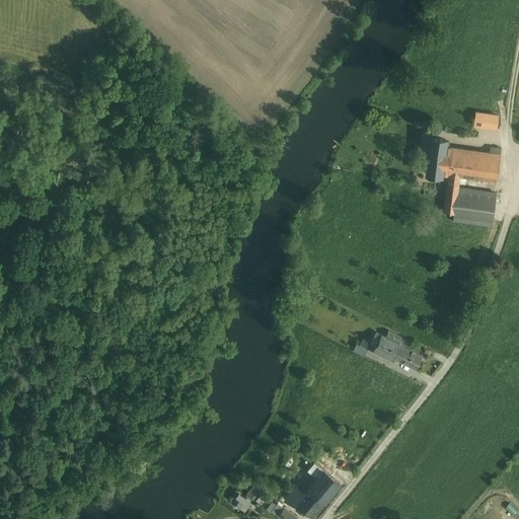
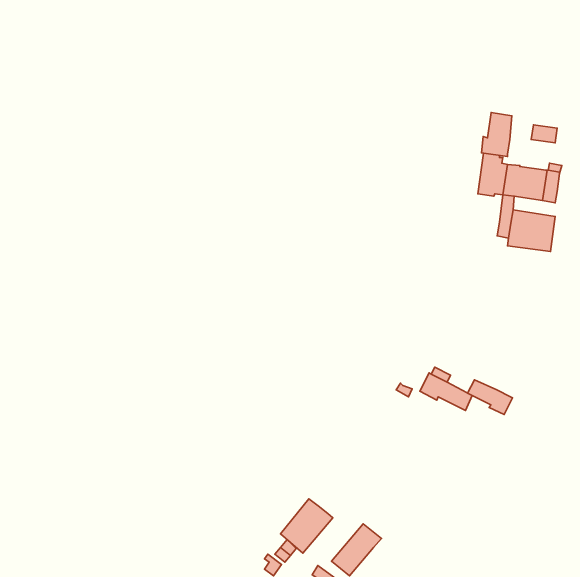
building: none -> [482,112,512,156]
building: none -> [468,380,513,415]
building: none -> [280,499,333,553]

